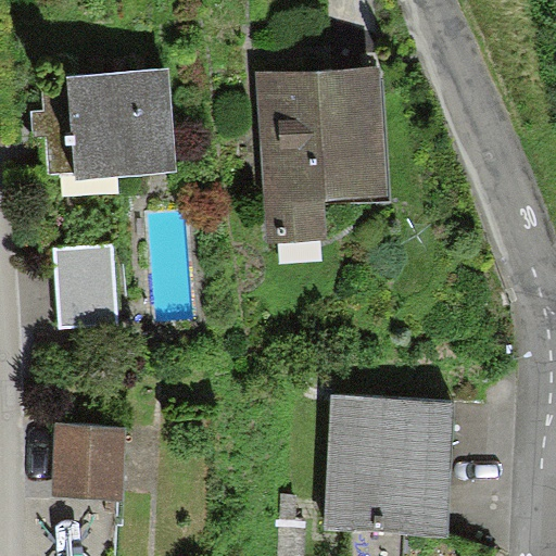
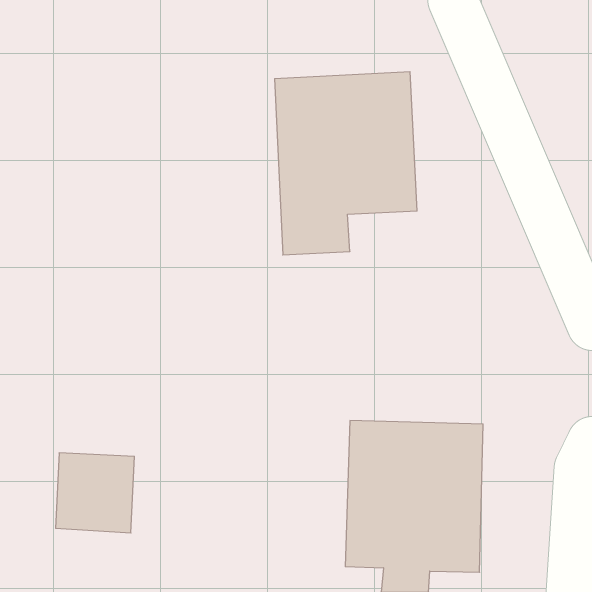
building: [41,70,177,179] -> none
building: [52,244,118,331] -> none

